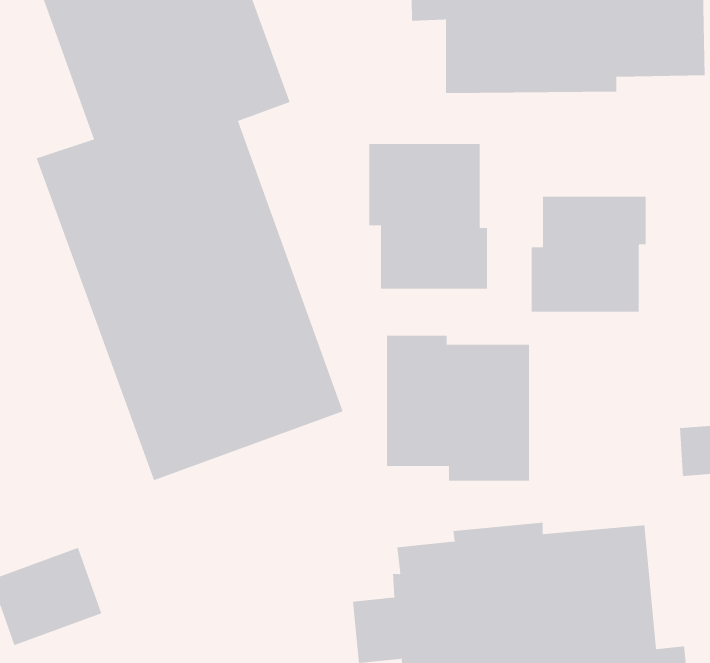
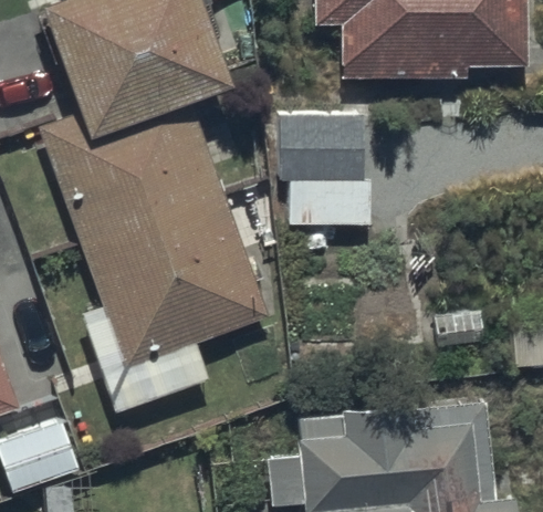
building: [531,196,646,313] -> none
building: [386,335,529,481] -> none

